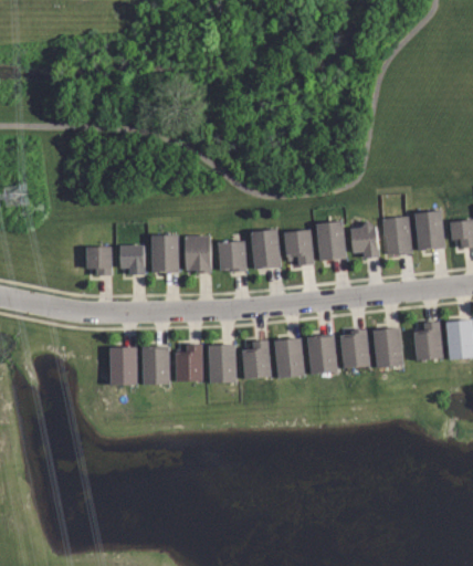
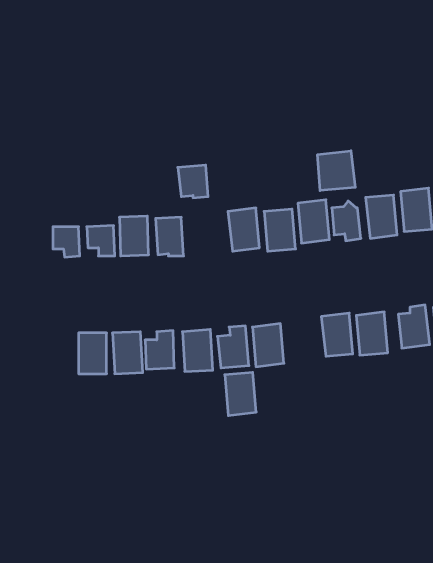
building: none -> [318,151,355,191]
building: [216,241,244,272] -> [178,165,208,198]
building: [307,334,337,375] -> [225,372,256,416]

